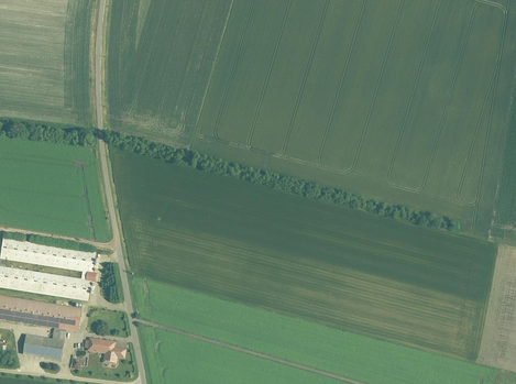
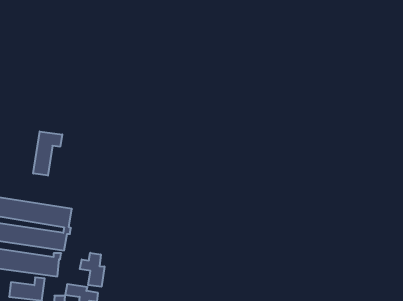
building: none -> [33,131,62,176]
building: none -> [80,253,104,287]

